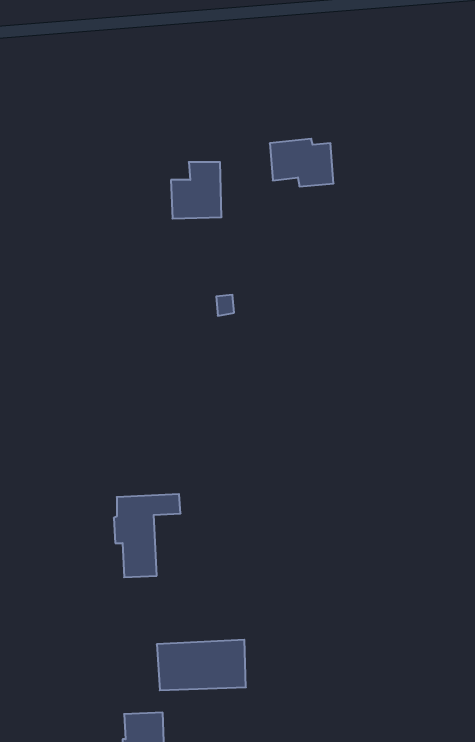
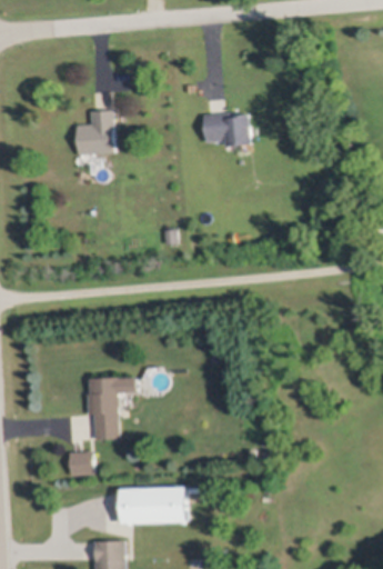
building: [171,162,222,219] -> [77,111,114,153]
building: none -> [67,452,91,477]

